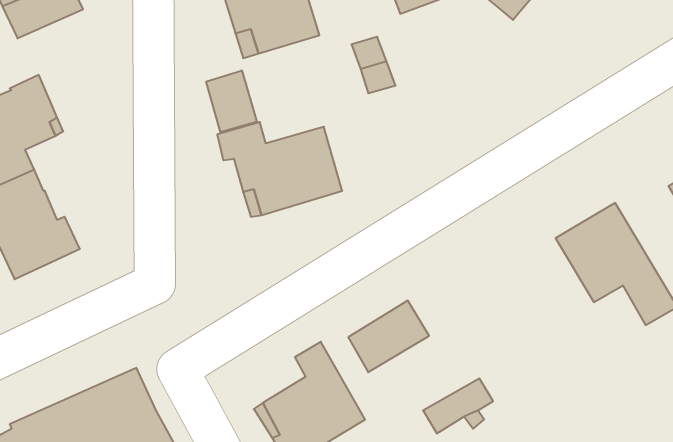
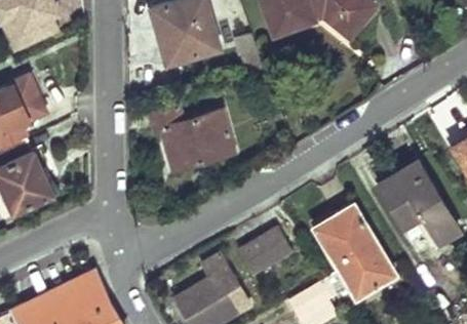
building: [206,70,257,132] -> none
building: none -> [313,203,394,297]

